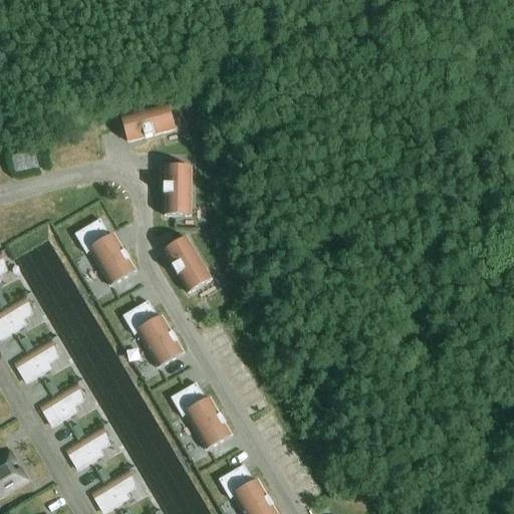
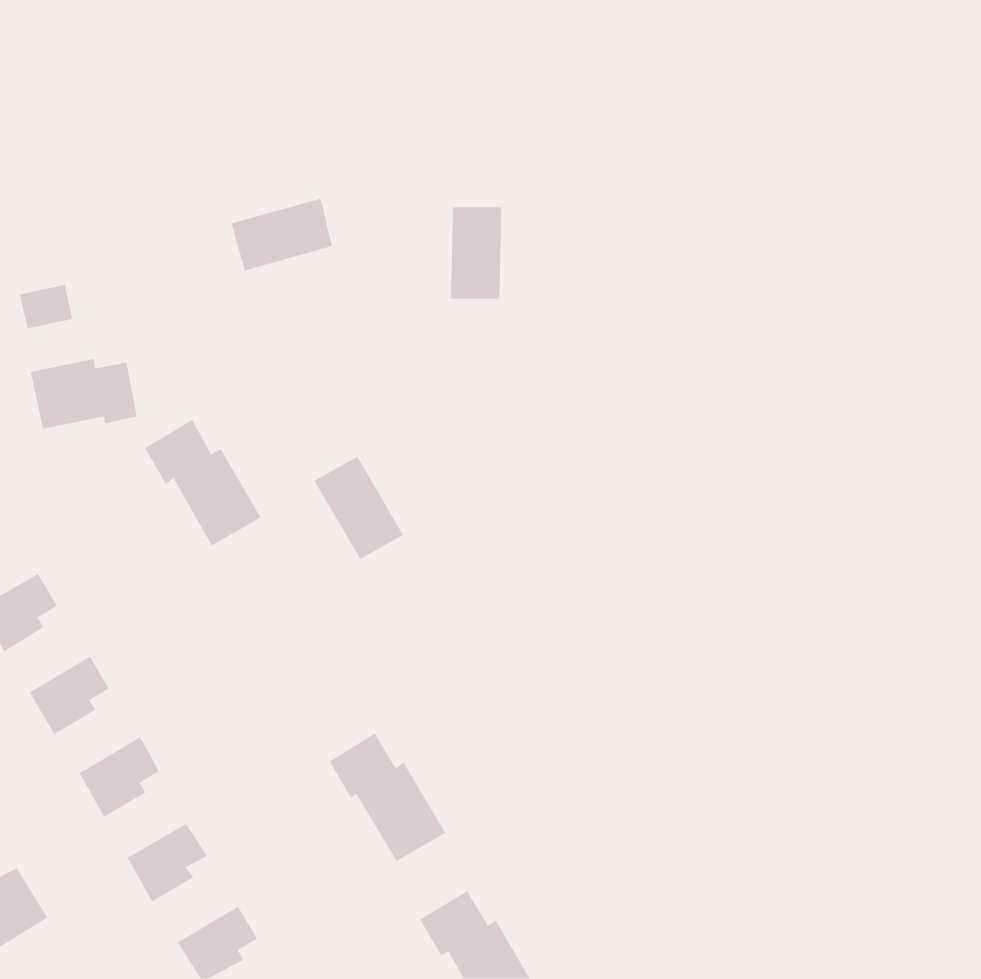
building: [164,167,191,215] -> [450,207,502,299]
building: none -> [30,358,137,430]
building: [122,301,185,367] -> none

